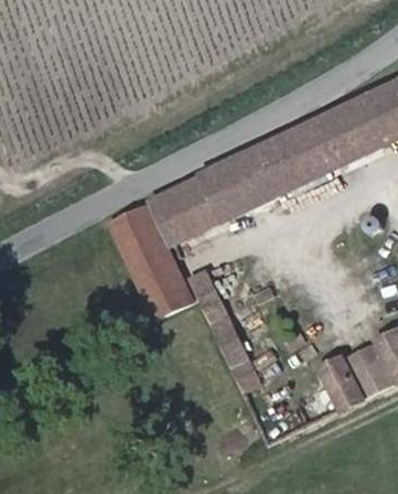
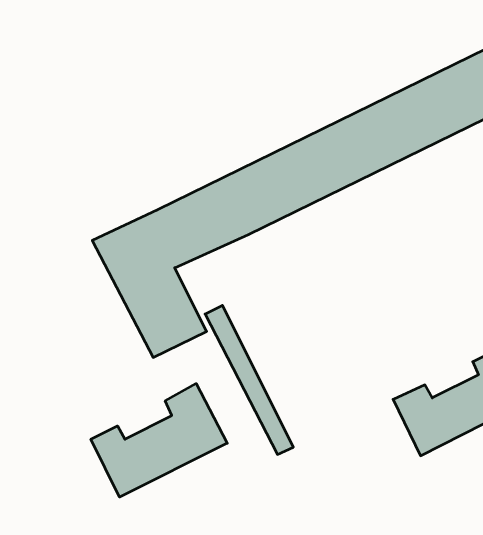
building: none -> [91,384,227,497]

